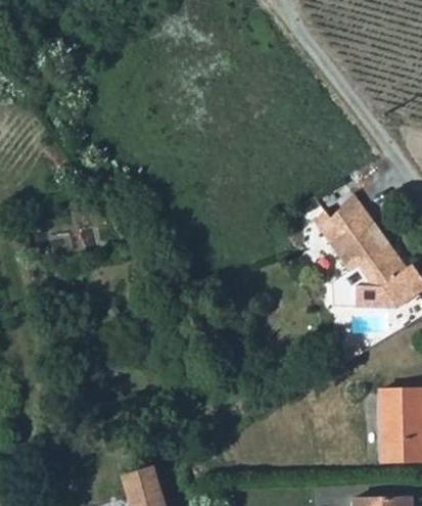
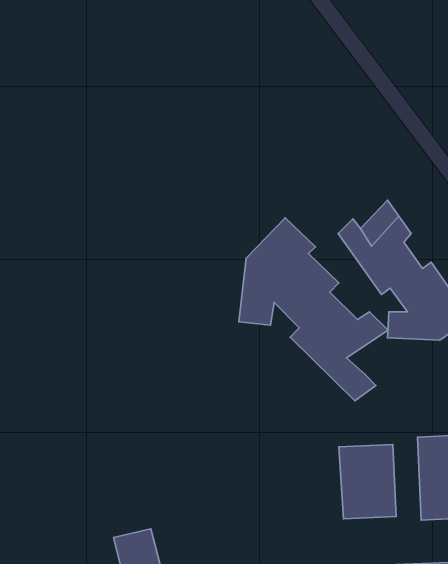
building: none -> [239,218,388,401]
building: none -> [339,444,396,519]

